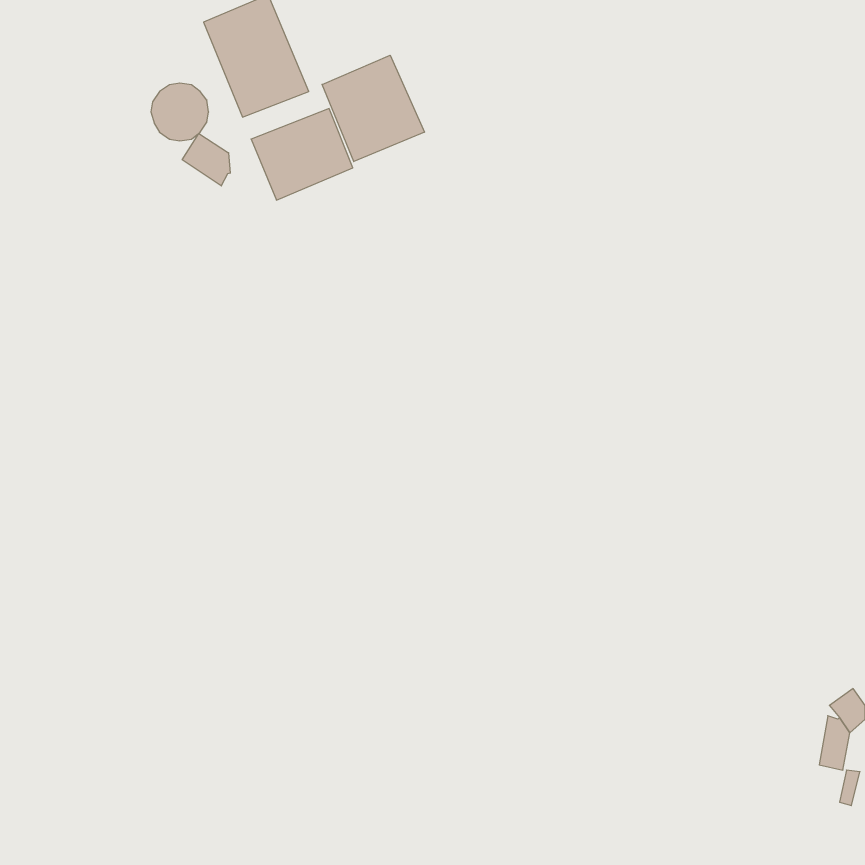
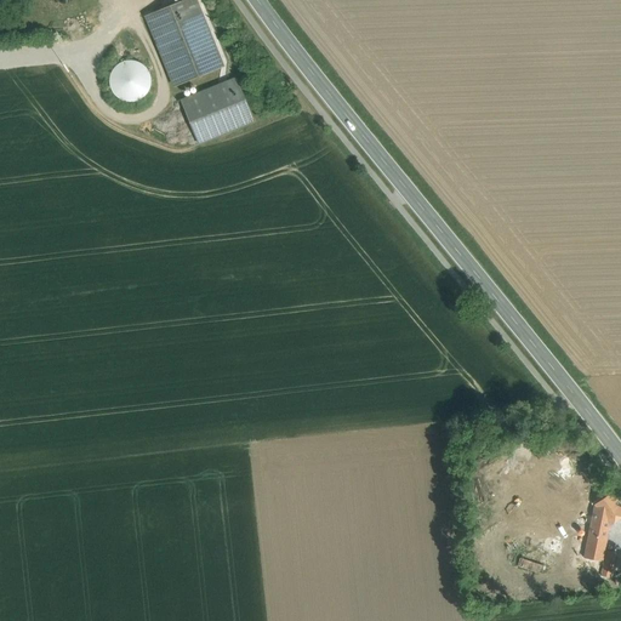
building: [322,55,424,162] -> none
building: [182,133,230,186] -> none

